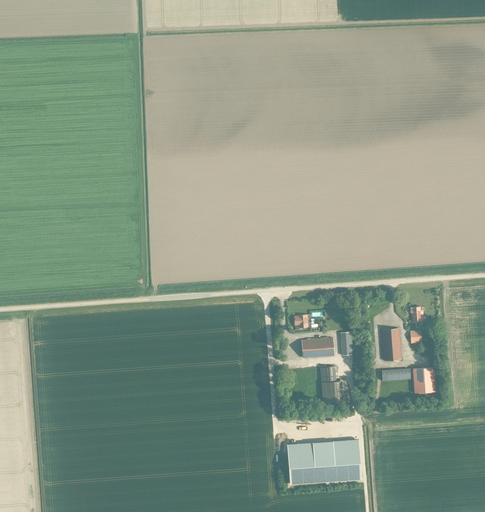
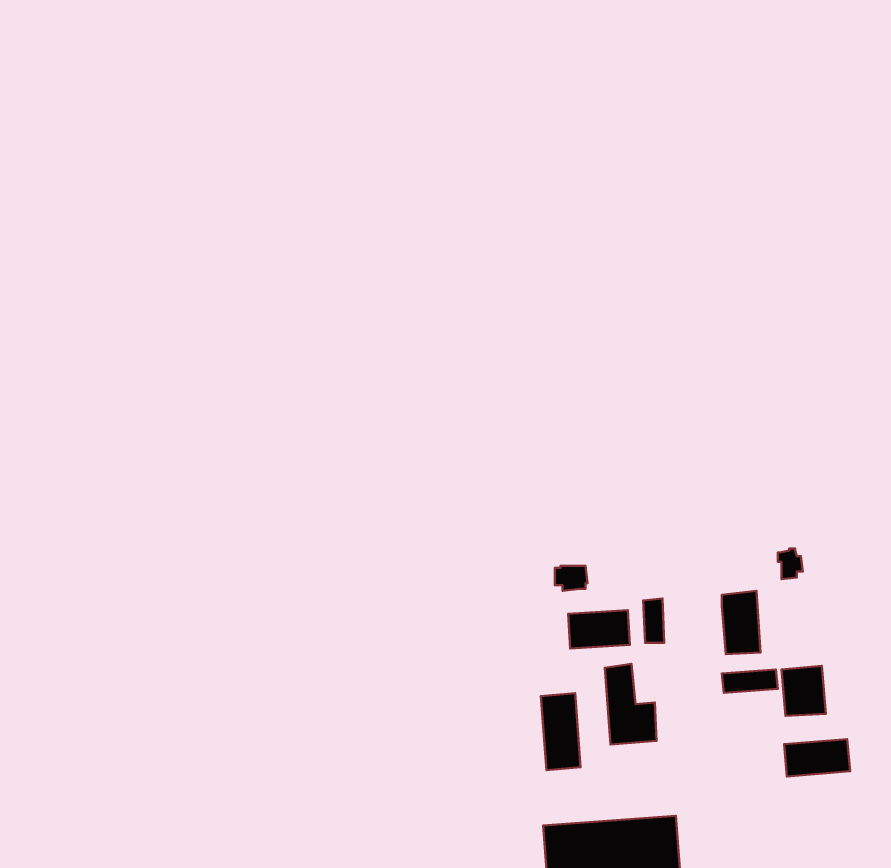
building: none -> [541,693,581,770]
building: none -> [784,739,850,776]

